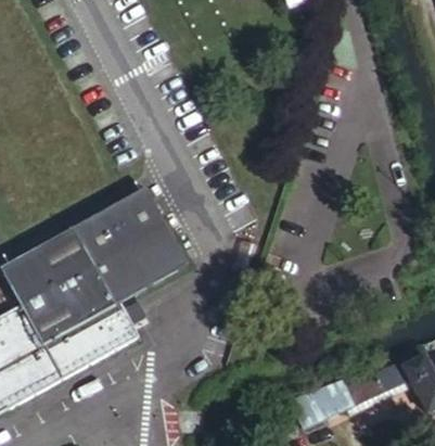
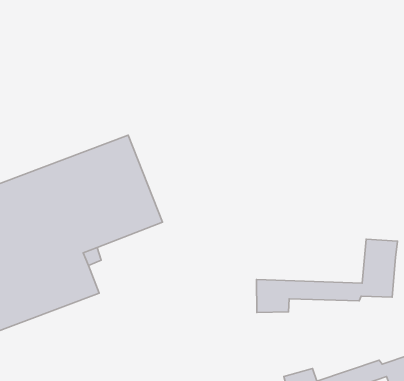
building: none -> [256,239,398,313]

